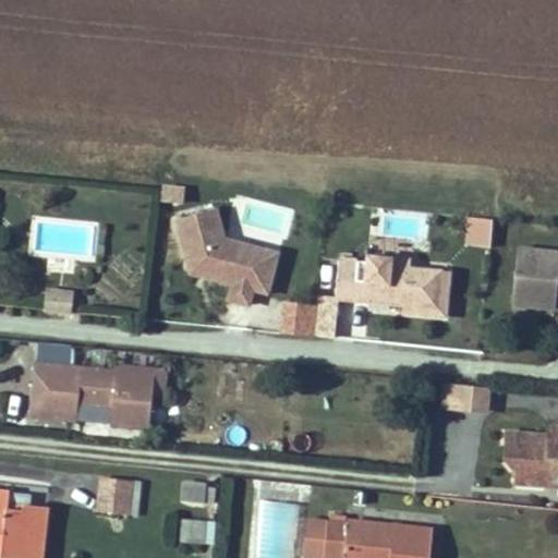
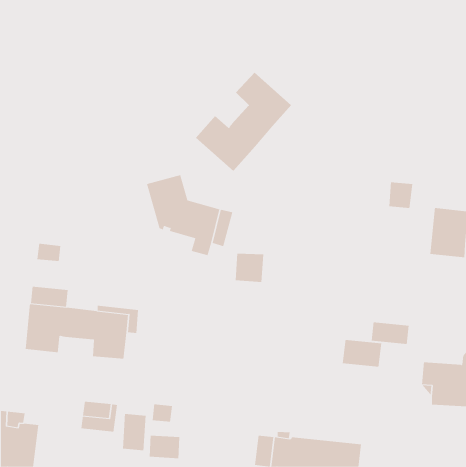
building: none -> [195,72,292,172]
building: [336,256,449,316] -> none
building: none -> [342,339,382,367]
building: none -> [122,413,146,451]

